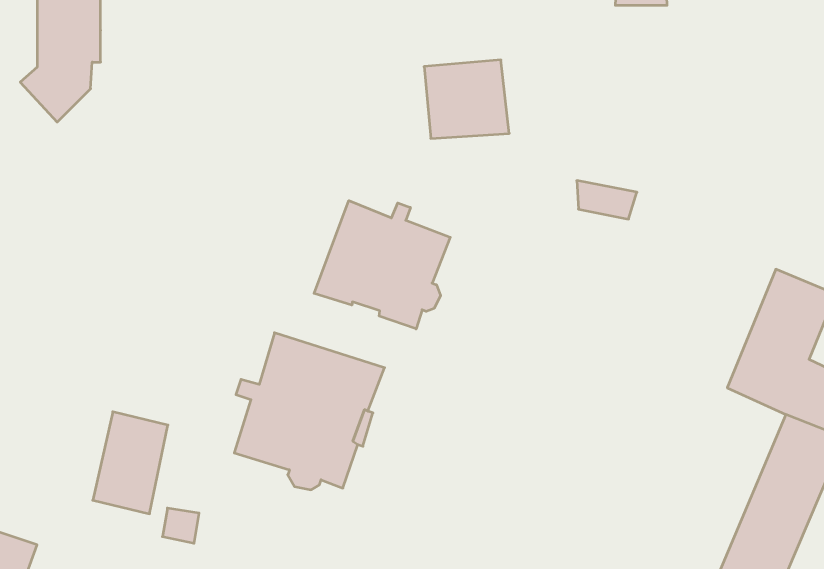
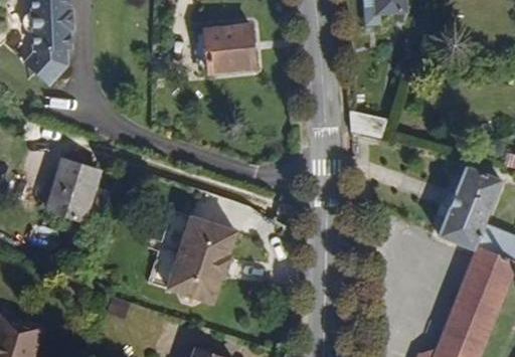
building: [424,60,509,138] -> [198,24,249,71]
building: [314,201,450,329] -> none
building: [93,412,168,514] -> [50,159,96,220]

